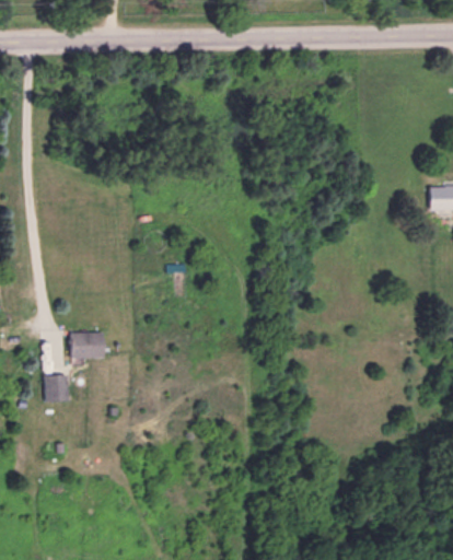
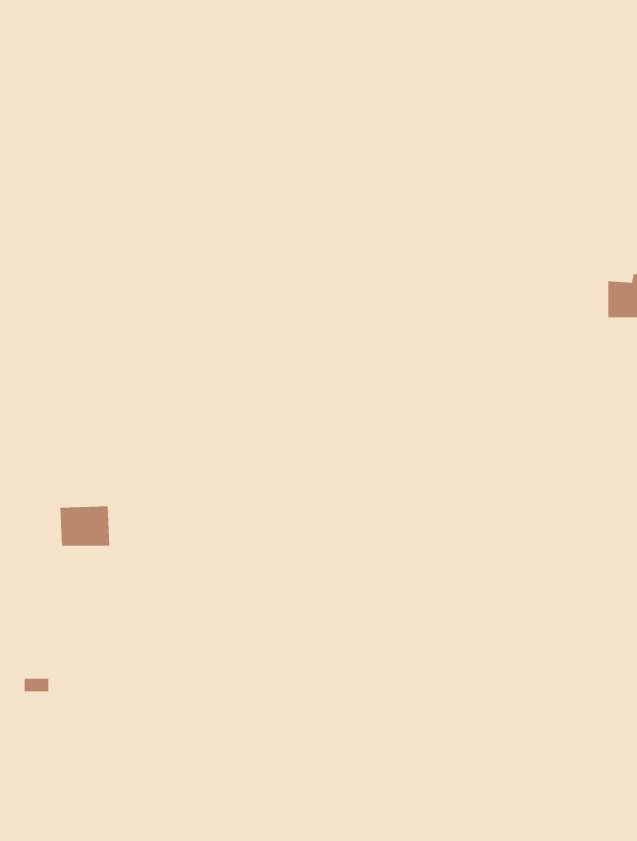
building: [45,374,69,400] -> none

